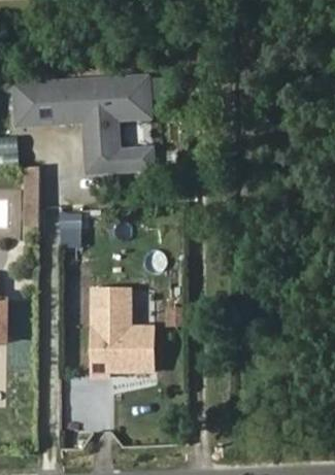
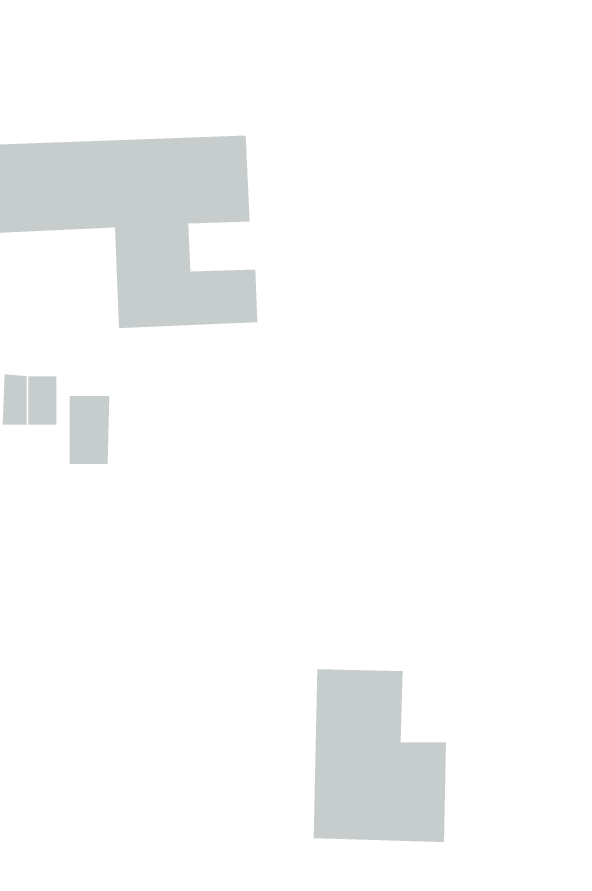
building: [88,285,158,376] -> [313,669,447,842]

